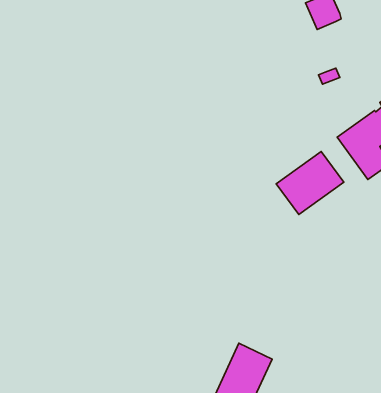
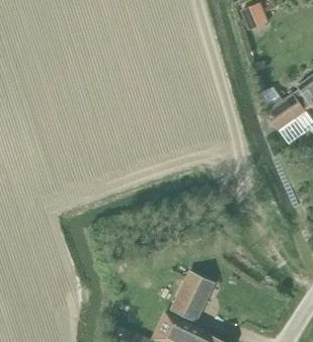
building: [276,151,344,215] -> none

